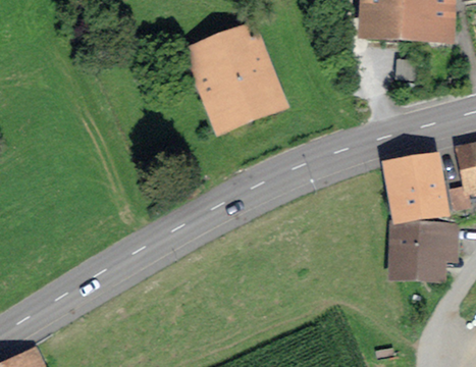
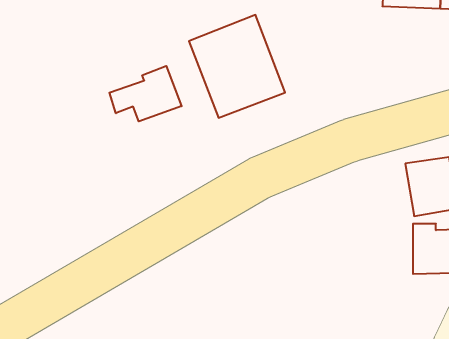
building: none -> [109,66,182,121]

